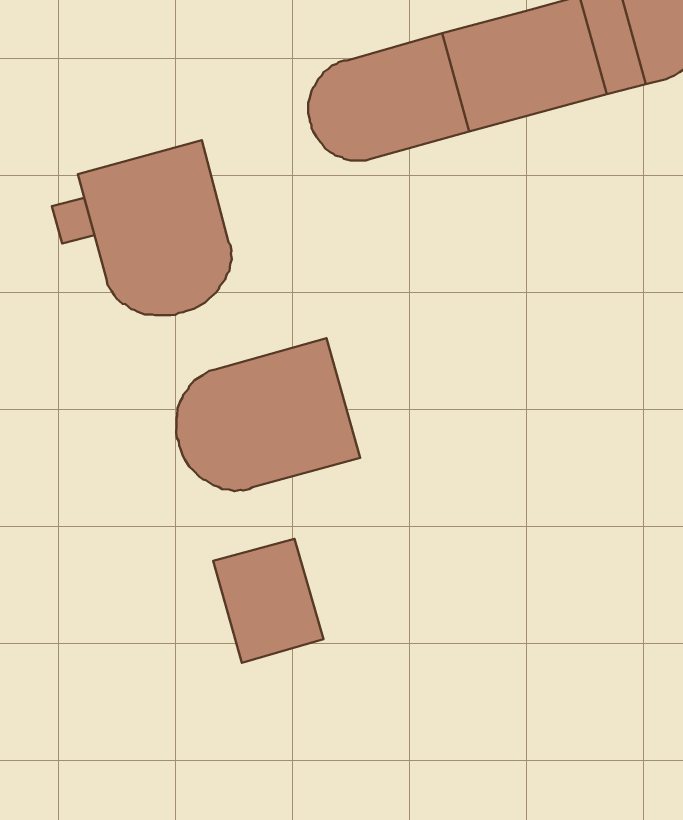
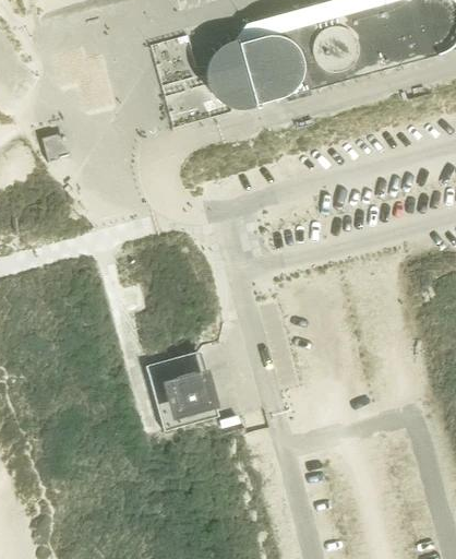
building: [78,140,232,315] -> none
building: [176,338,360,491] -> none

